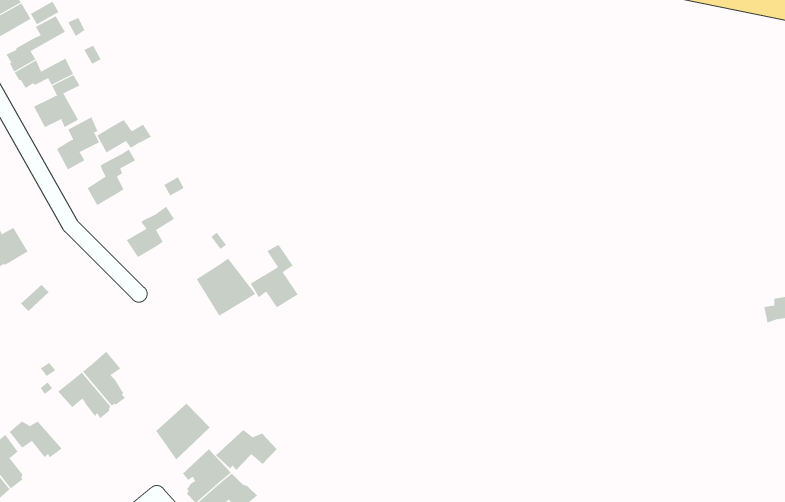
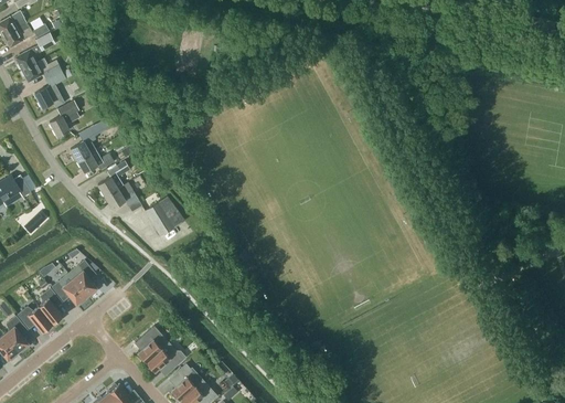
building: [96,119,152,153] -> [77,150,115,173]
building: none -> [105,185,141,212]
building: [250,244,299,308] -> none
building: none -> [38,288,62,326]
building: [155,403,210,460] -> none
building: [215,429,278,471] -> none

